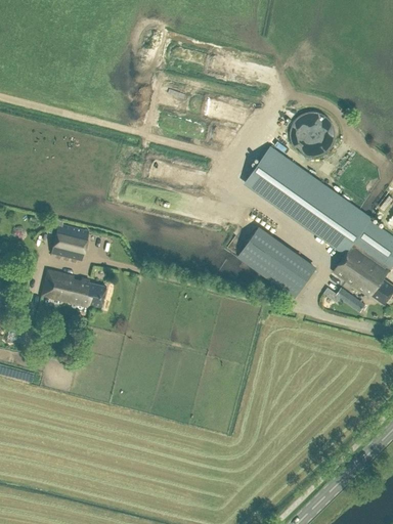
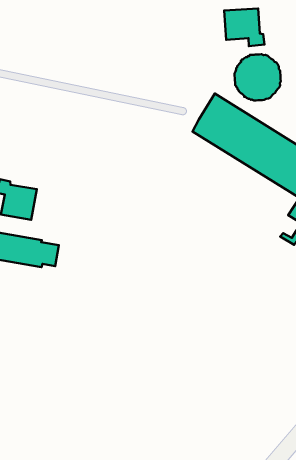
building: none -> [224,8,264,46]
building: [230,222,315,301] -> none

